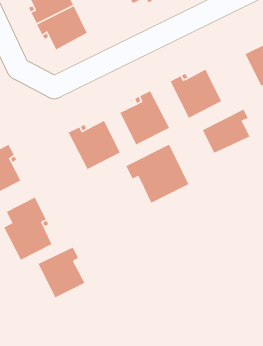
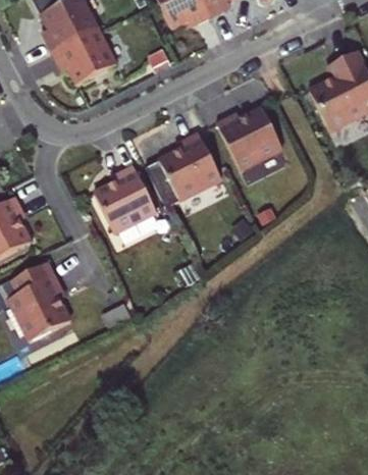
building: [202,109,250,154] -> none
building: [125,144,189,204] -> none
building: [37,247,85,299] -> none

